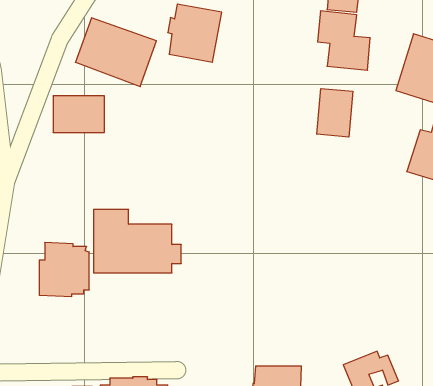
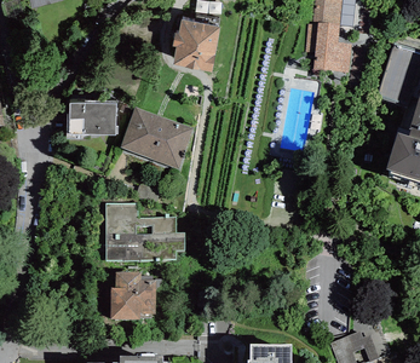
building: [75,18,156,87] -> [120,106,192,168]
building: [317,89,353,137] -> none
building: [39,243,89,297] -> [110,271,155,319]

